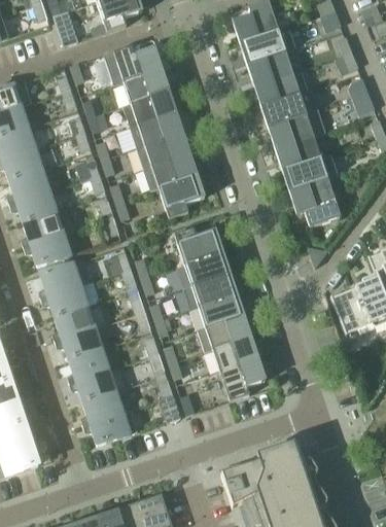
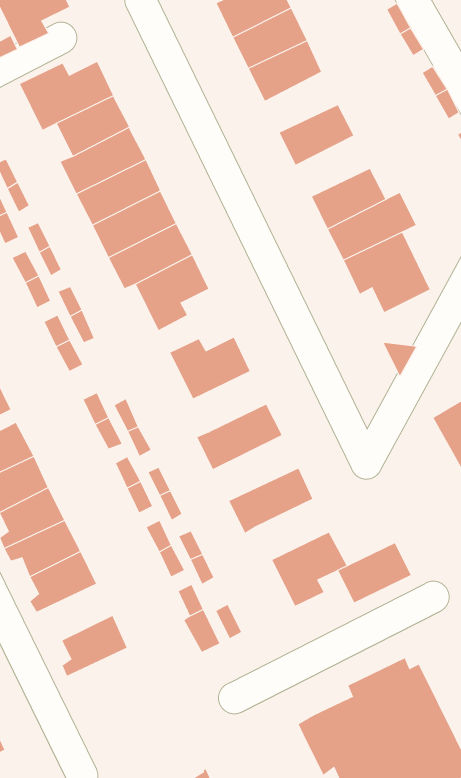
building: [254,69,308,106] -> none
building: [268,114,314,148] -> none
building: [184,251,230,285] -> none
building: [190,293,244,329] -> none
building: [212,336,257,370] -> [337,543,411,603]
building: [69,370,116,401] -> none
building: [82,409,138,445] -> none

